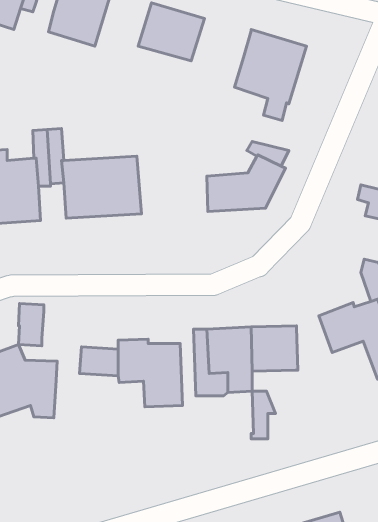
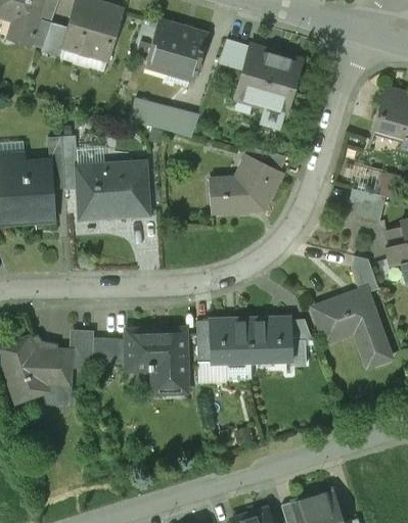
building: none -> [41,22,69,57]
building: none -> [218,39,251,70]
building: none -> [130,99,199,137]
building: [18,304,44,346] -> [71,330,94,369]
building: [251,391,276,439] -> [291,320,314,364]

